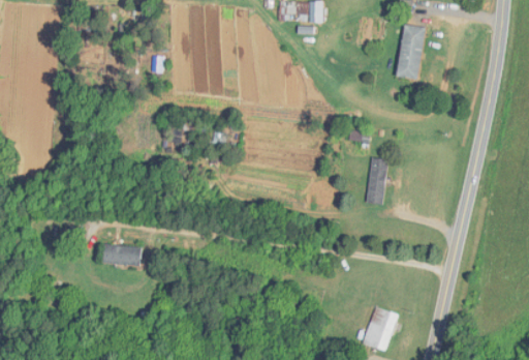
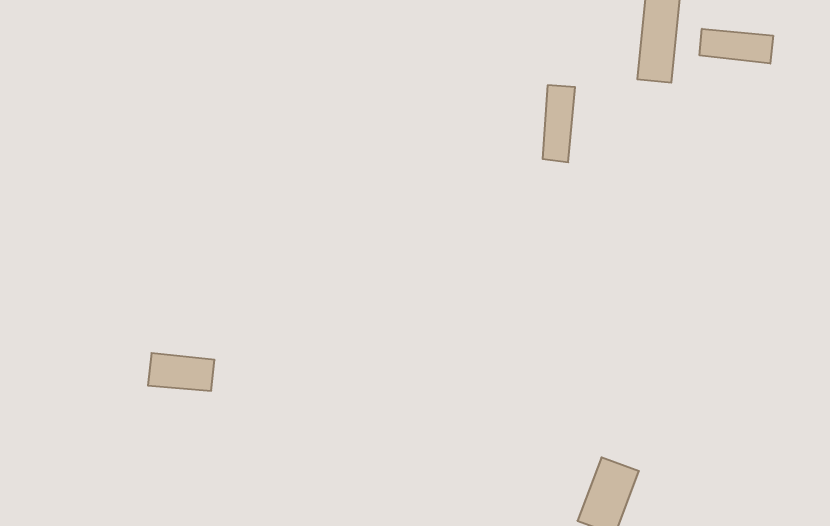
building: none -> [700,29,773,64]
building: [368,157,387,204] -> [543,85,575,162]

